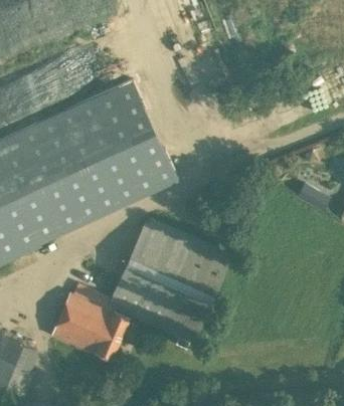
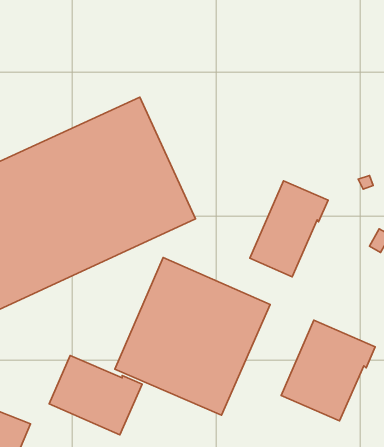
building: none -> [250,181,328,277]
building: none -> [281,320,375,421]

